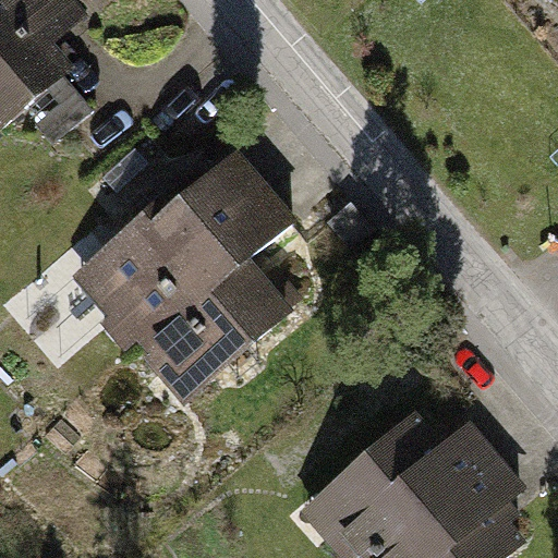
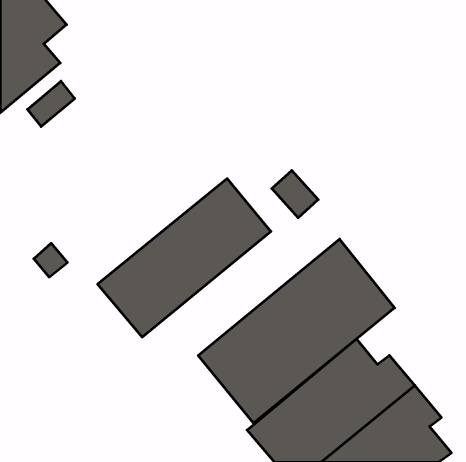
building: [64,149,271,340] -> none
building: none -> [198,239,395,423]

